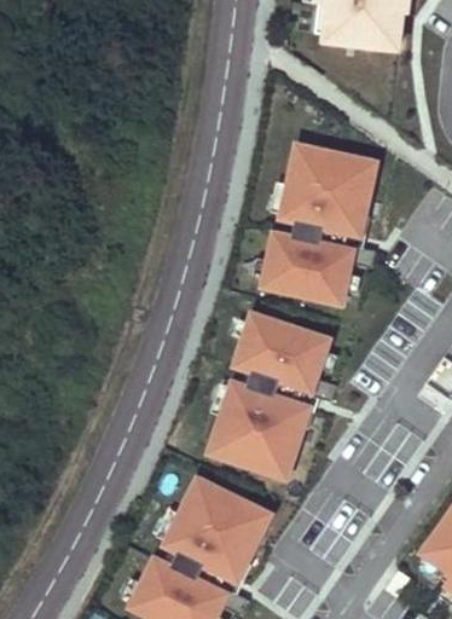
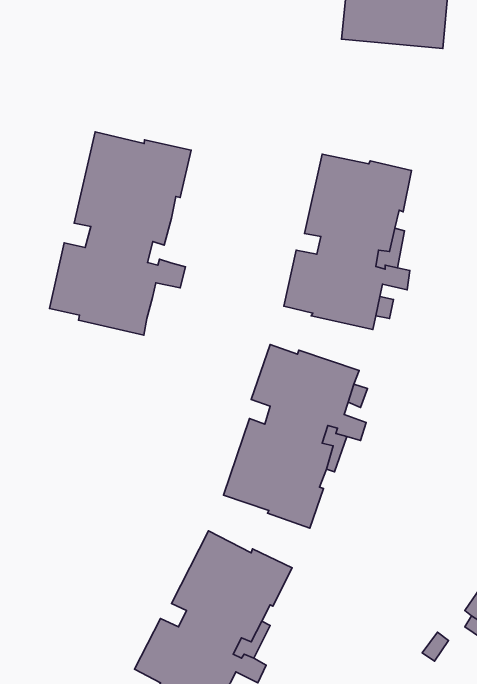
building: none -> [50,132,191,335]

